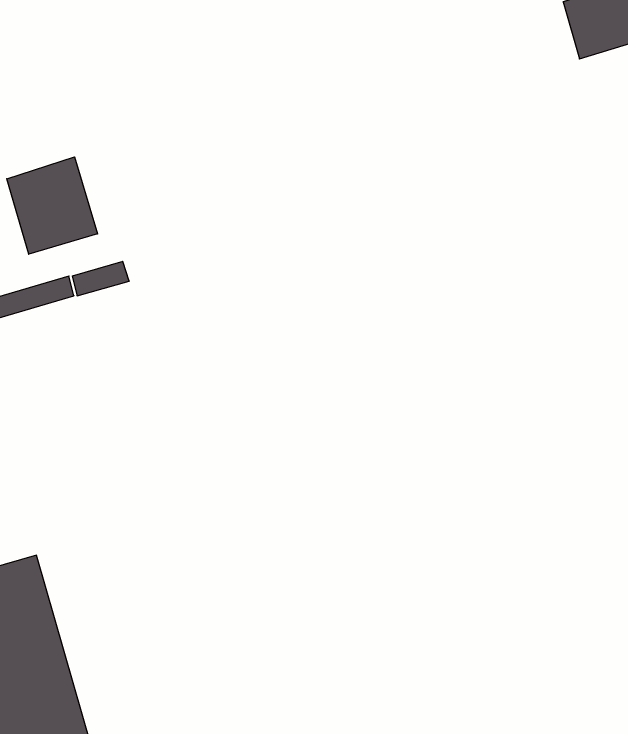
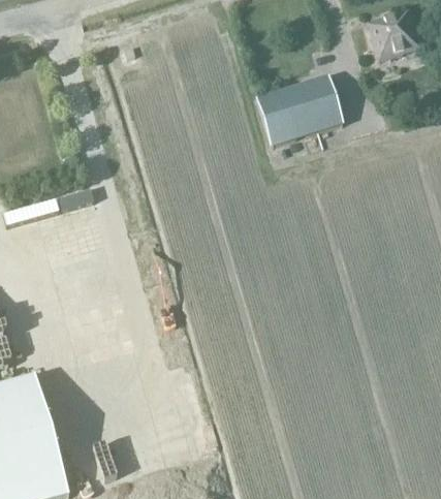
building: none -> [256,74,342,144]
building: [7,157,98,254] -> none

